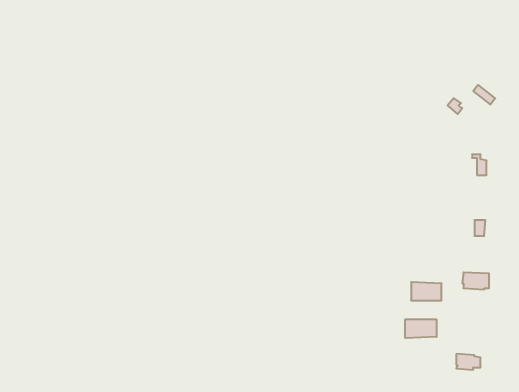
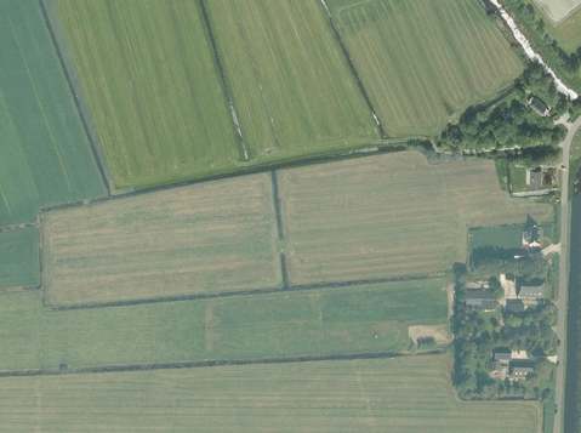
building: [405,319,436,338] -> none

